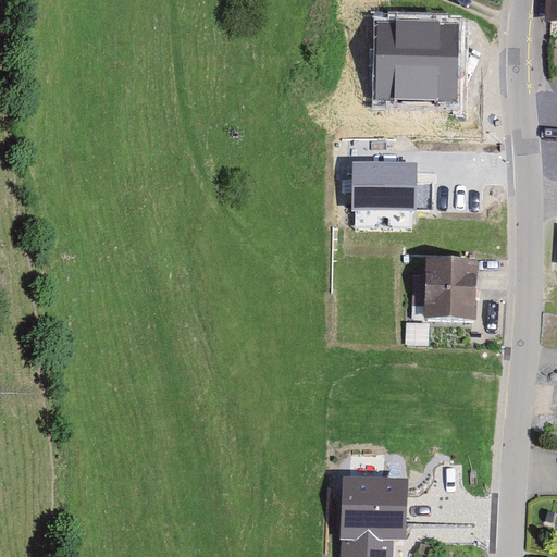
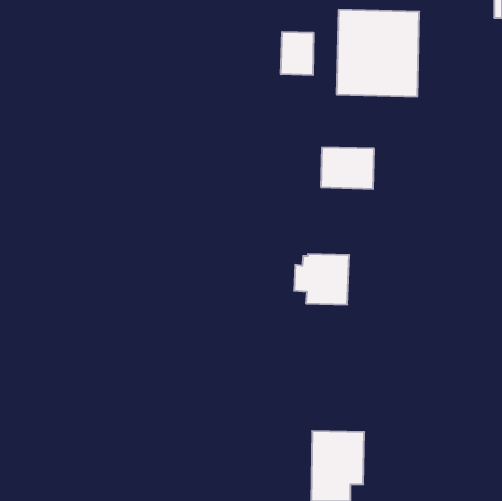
building: none -> [281,32,313,75]
building: [409,265,470,321] -> [294,254,349,304]

